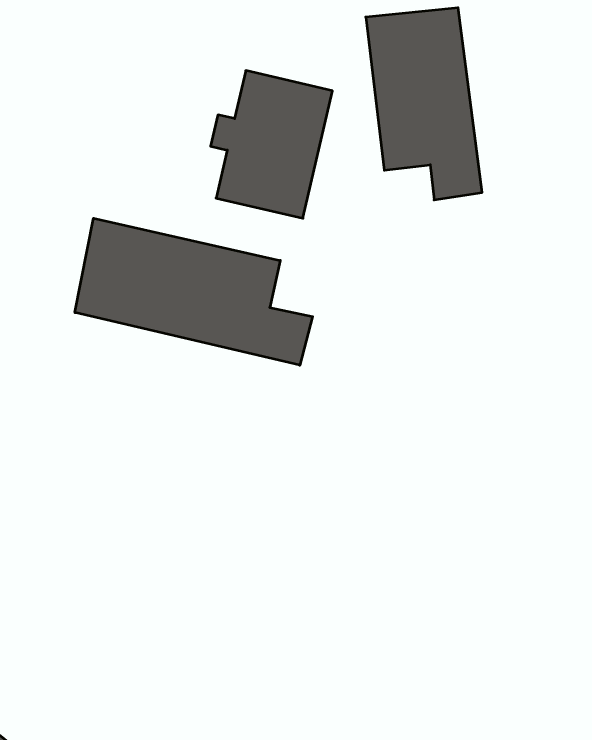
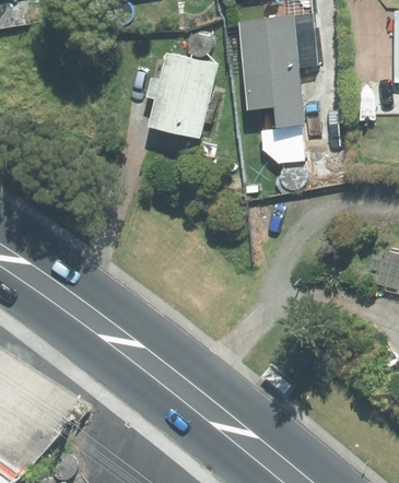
building: [75,218,313,365] -> none

